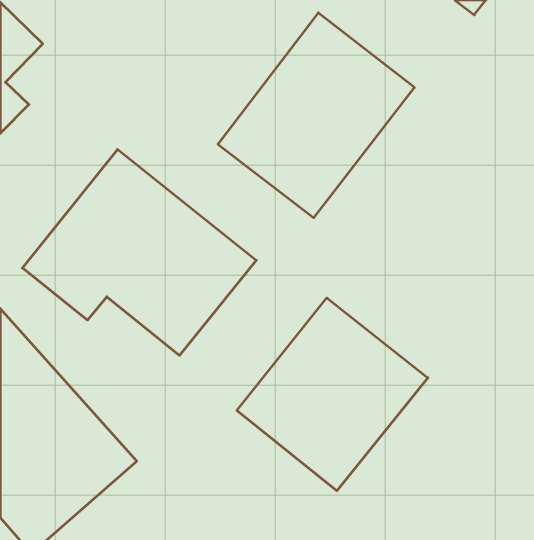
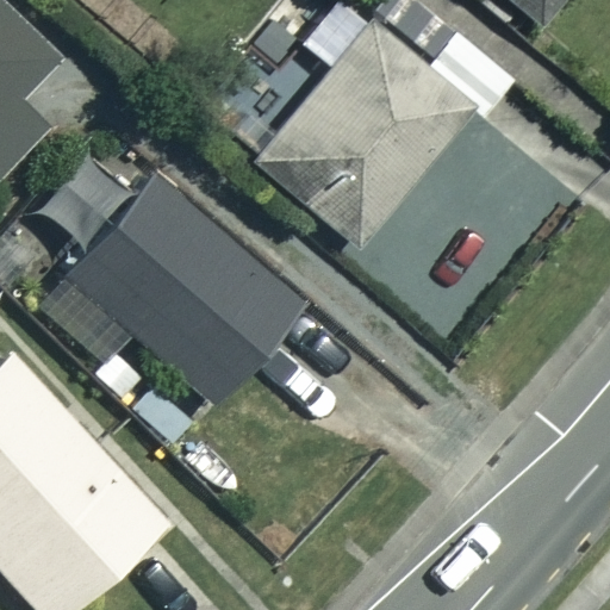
building: [237,298,428,491] -> none

